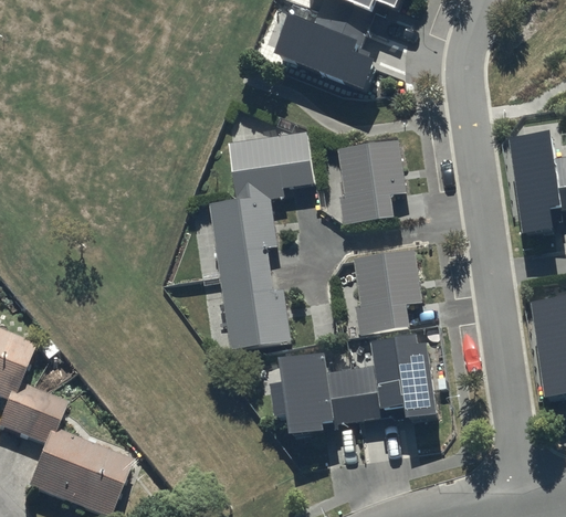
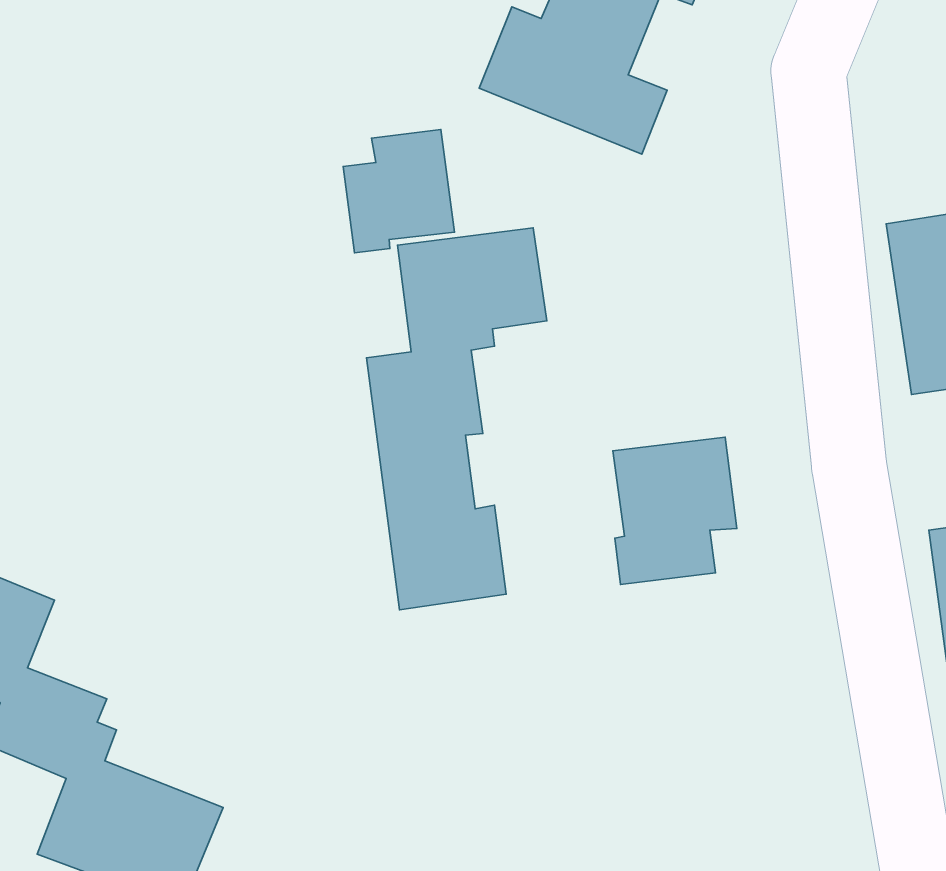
building: none -> [343,130,454,253]
building: [337,140,406,224] -> none
building: [272,346,440,446] -> none

